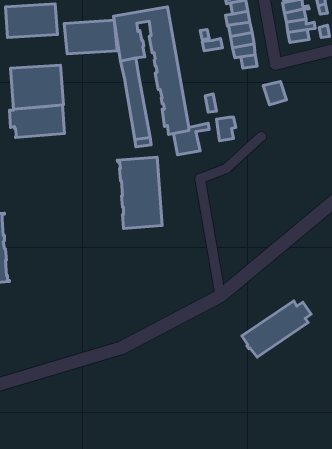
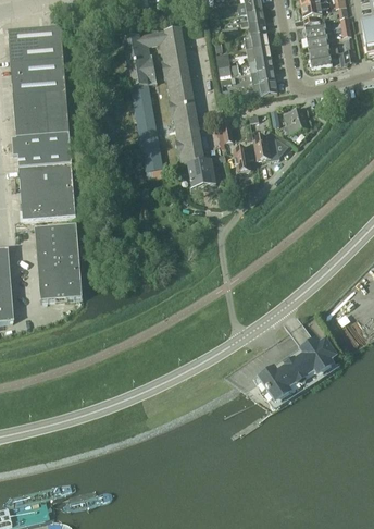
building: [64,20,117,54] -> [10,58,66,94]
building: none -> [252,134,279,159]
building: none -> [18,163,75,220]
building: [117,157,162,229] -> [34,224,82,300]

